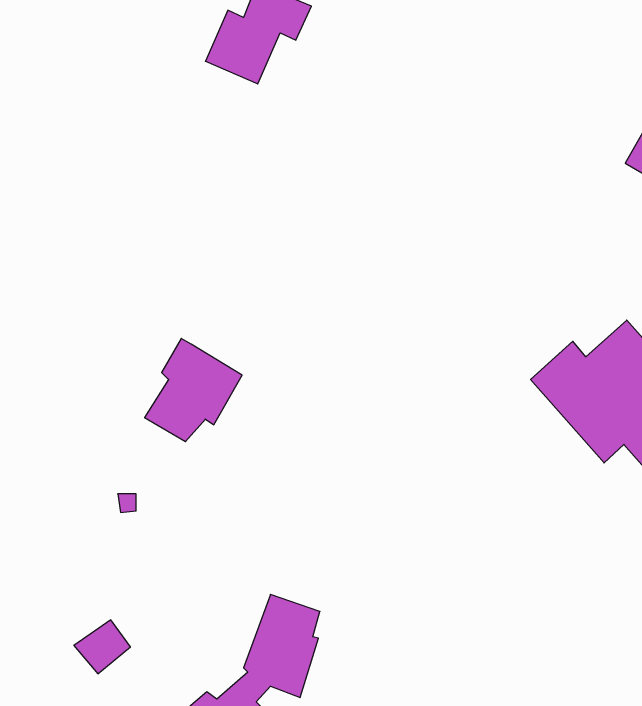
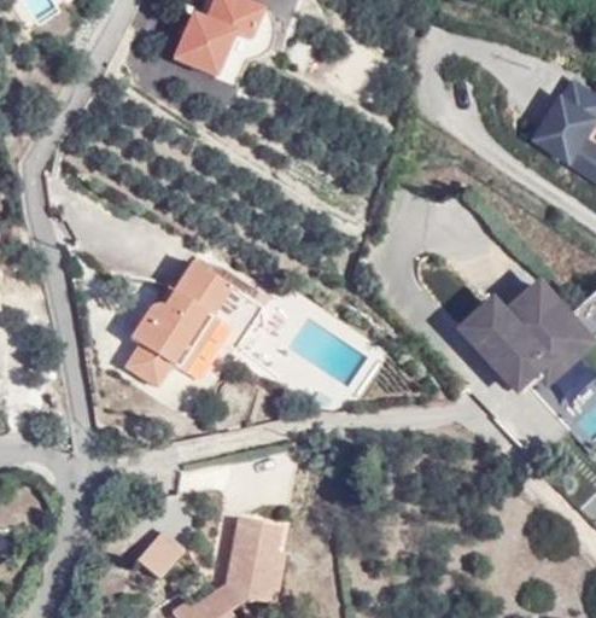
building: none -> [168,257,275,345]
building: [74,620,130,674] -> [132,530,180,576]

